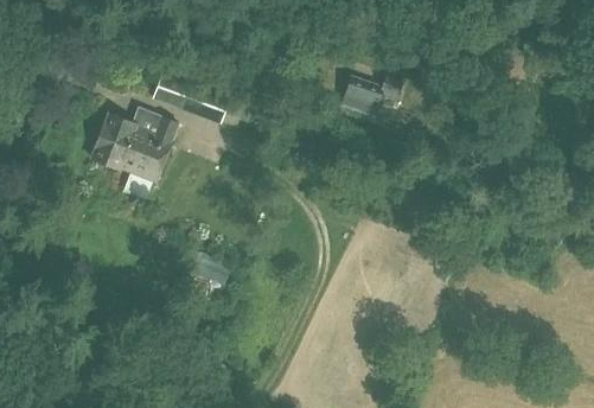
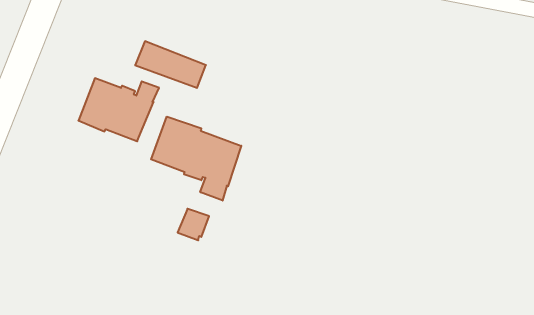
building: [341,74,403,114] -> none
building: none -> [151,117,241,201]

